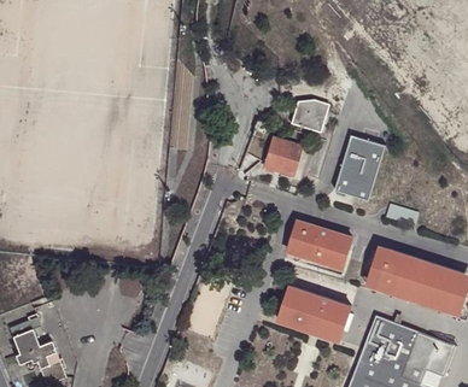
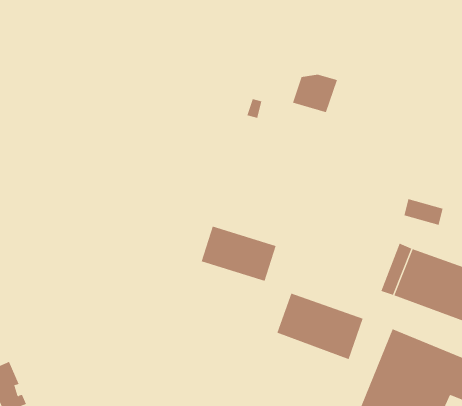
building: [335,134,384,199] -> none
building: [263,137,300,175] -> none
building: [288,221,352,268] -> [201,226,276,282]

